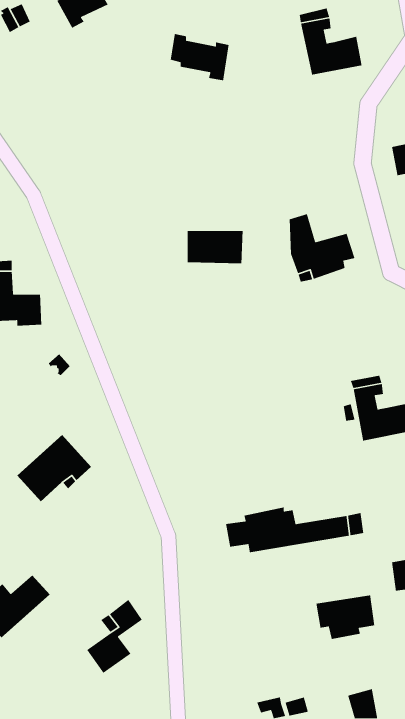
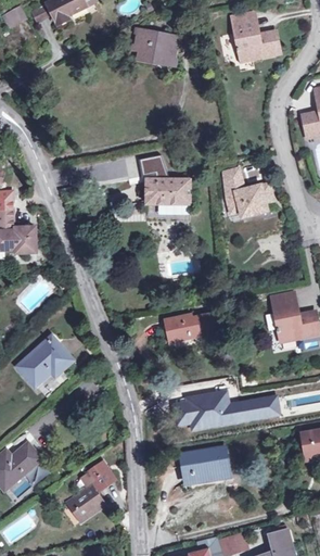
building: none -> [139,155,167,179]
building: none -> [164,313,219,342]
building: [316,595,375,640] -> [181,447,227,482]

